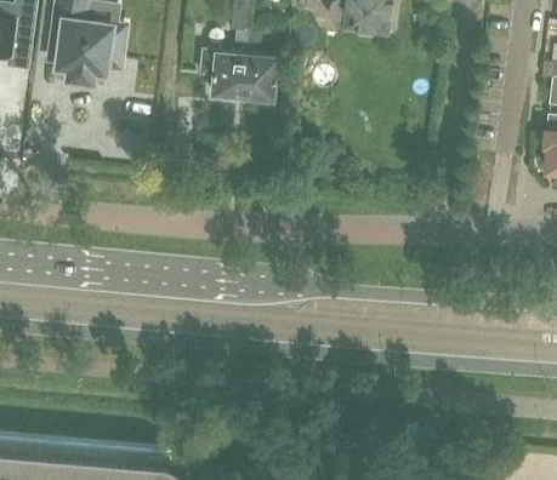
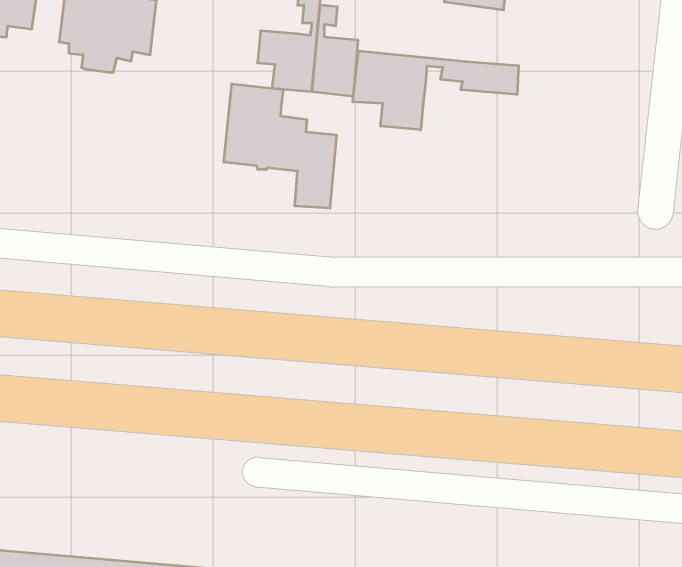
building: none -> [353,51,519,130]
building: none -> [224,84,336,208]

